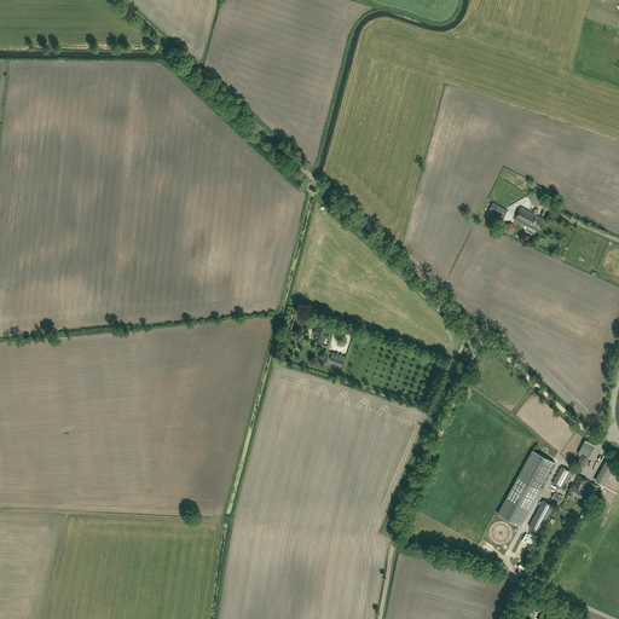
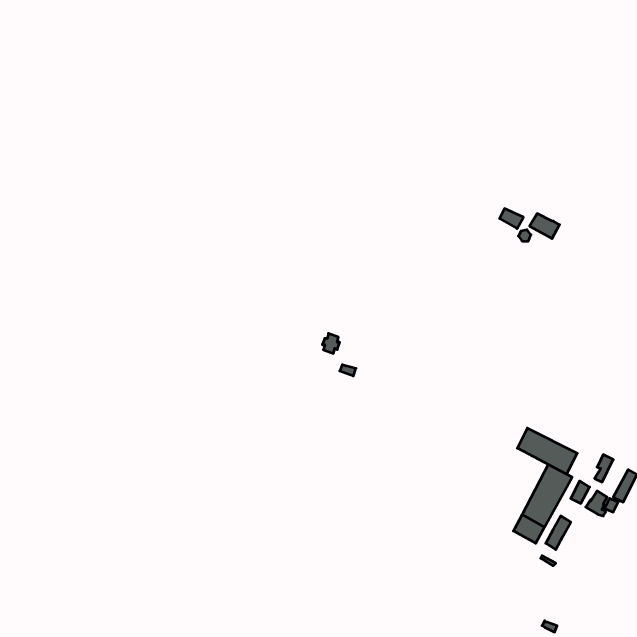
building: none -> [517,428,577,474]

